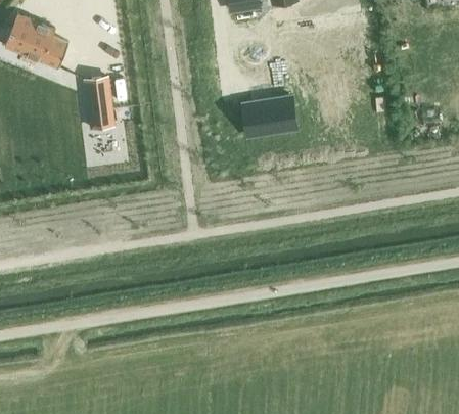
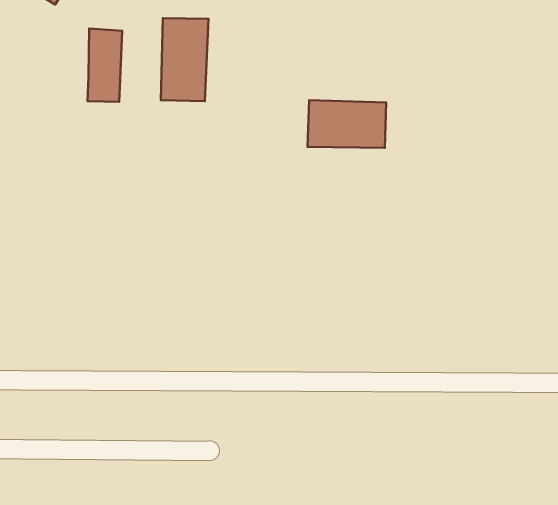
building: none -> [161,18,208,101]

